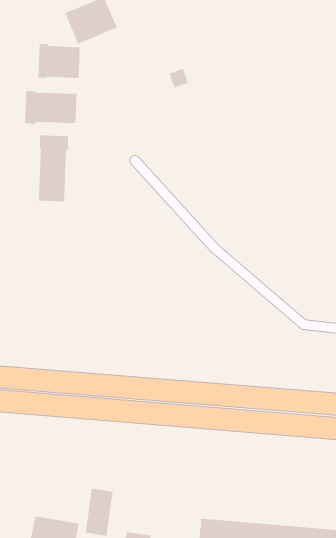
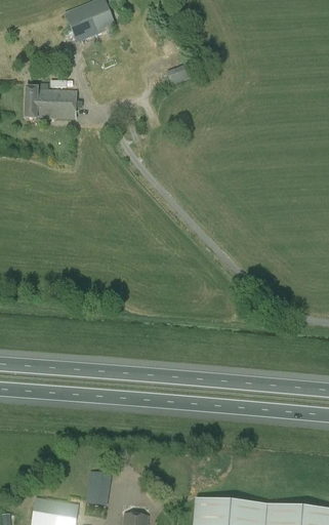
building: [38,43,80,79] -> none
building: [38,135,69,202] -> none

